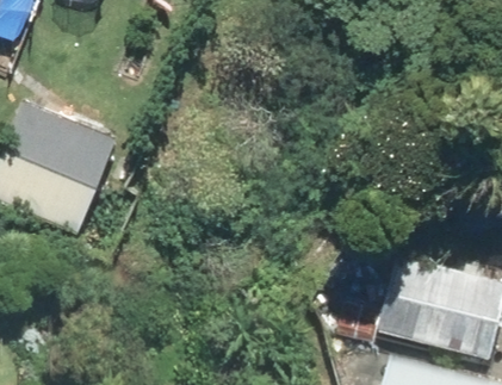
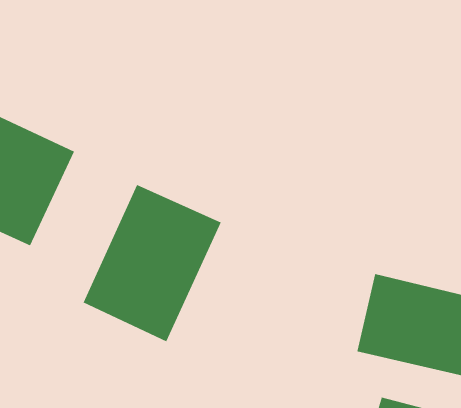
building: none -> [83,184,222,342]

